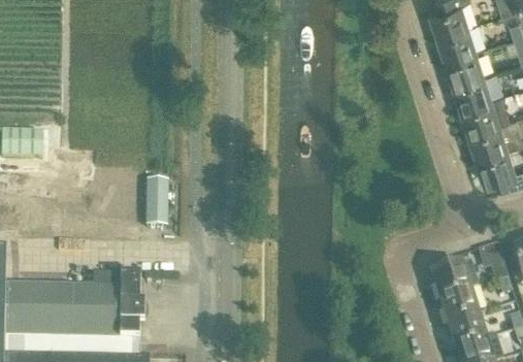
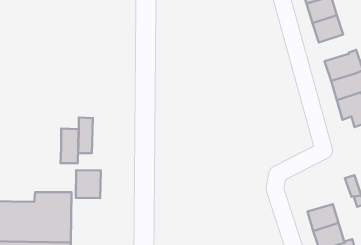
building: [453,70,491,104] -> none
building: none -> [60,129,79,163]
building: none -> [76,170,101,198]
building: [429,257,477,295] -> none

